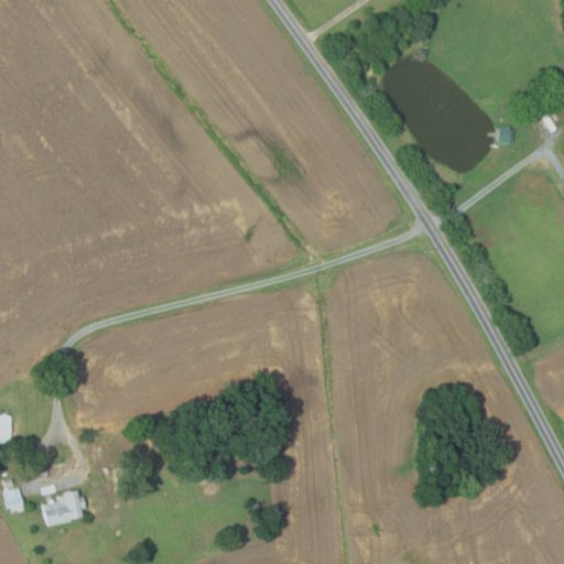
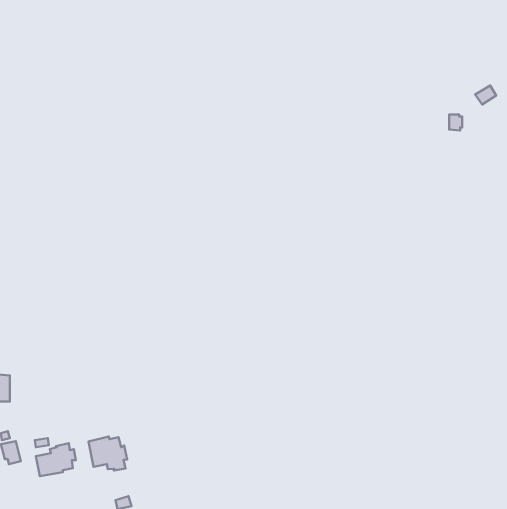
building: none -> [89,437,127,470]

